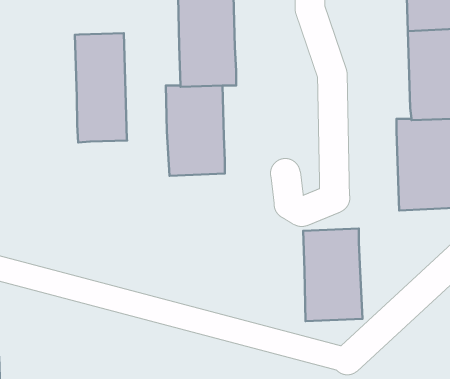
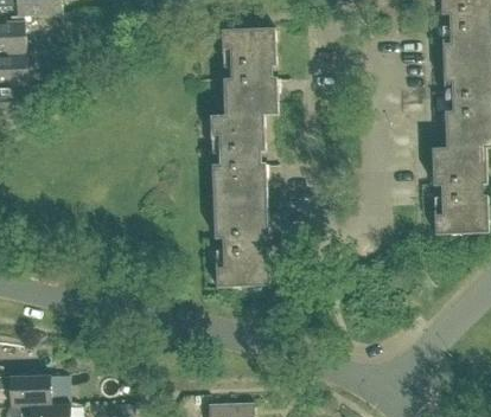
building: [75,33,127,142] -> none
building: [303,229,362,321] -> [213,199,270,288]

